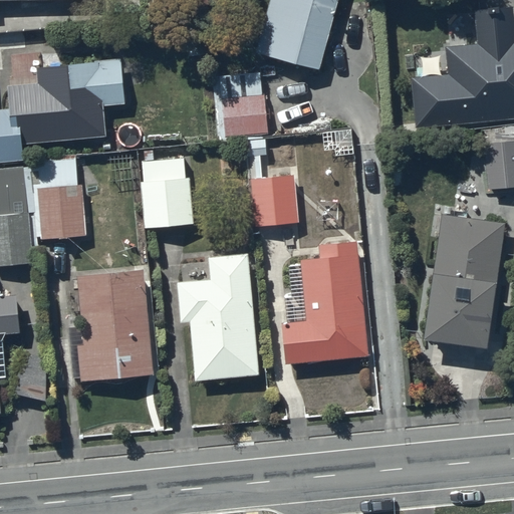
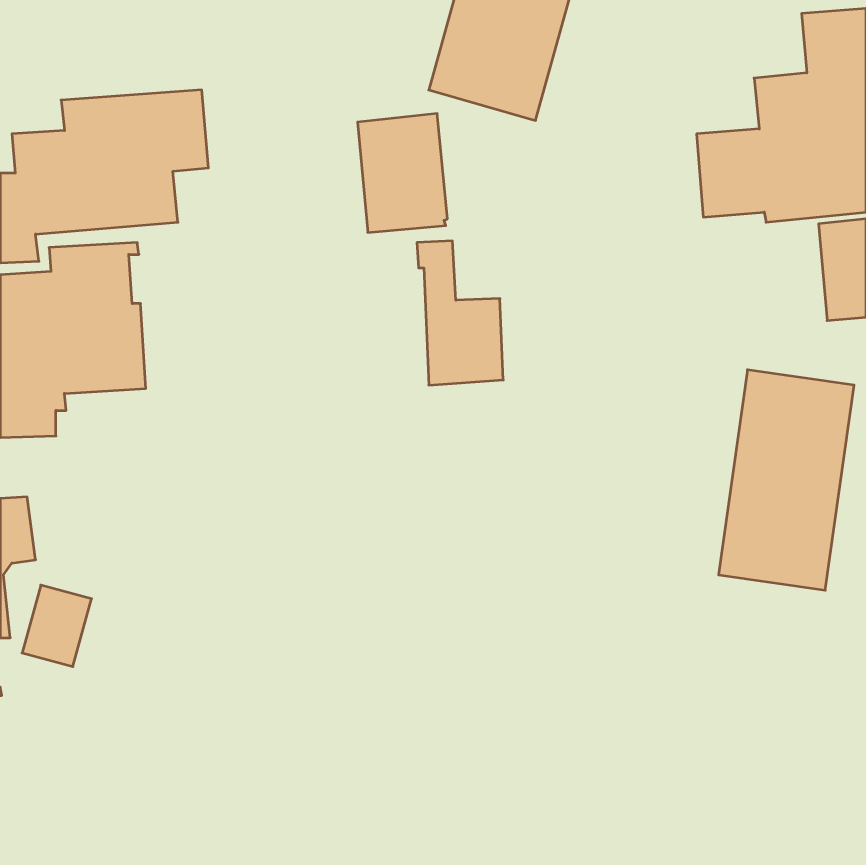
building: [141,147,191,223] -> none
building: [283,245,369,365] -> none
building: [177,253,260,380] -> none
building: [69,271,154,382] -> none

